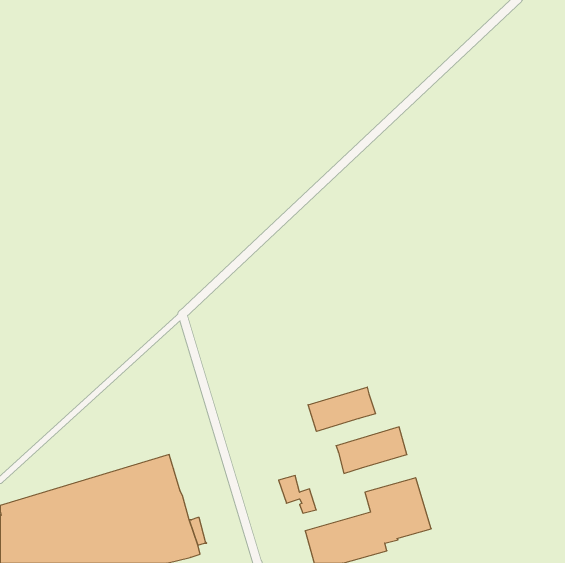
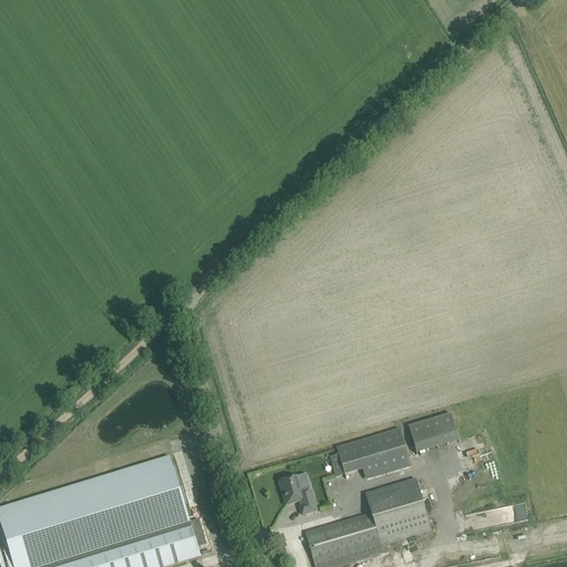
building: [308,387,376,431] -> none
building: none -> [405,411,456,453]

